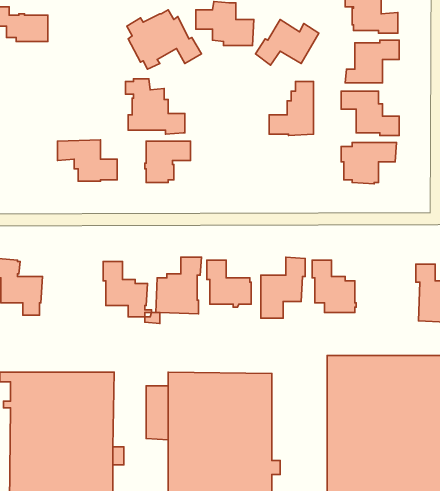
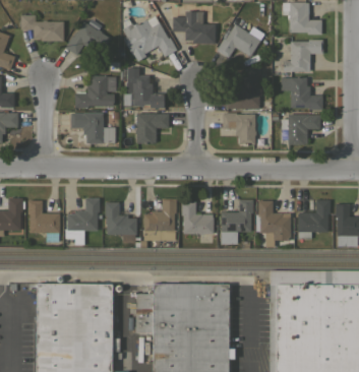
building: none -> [65,21,109,55]
building: none -> [74,75,116,108]
building: none -> [223,113,256,144]
building: none -> [65,198,100,245]
building: none -> [298,200,330,239]

